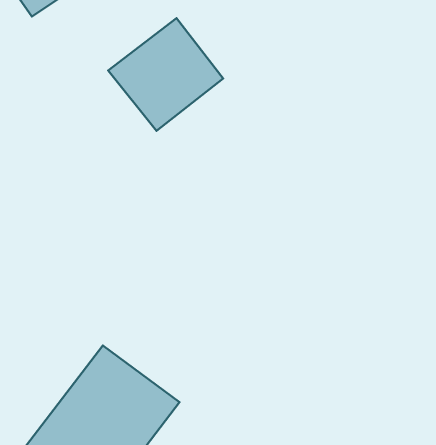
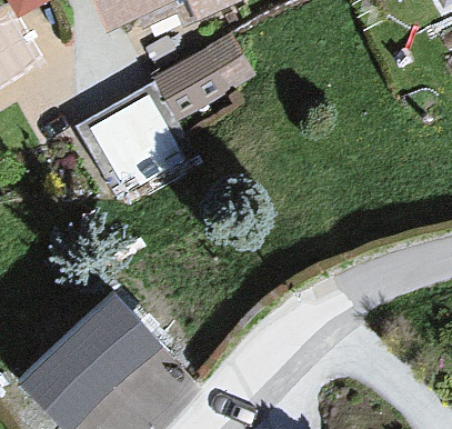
building: none -> [87,78,181,172]

